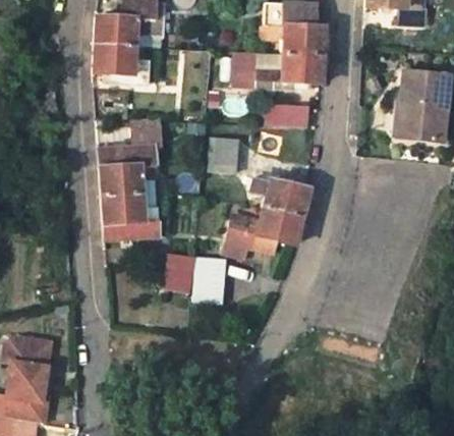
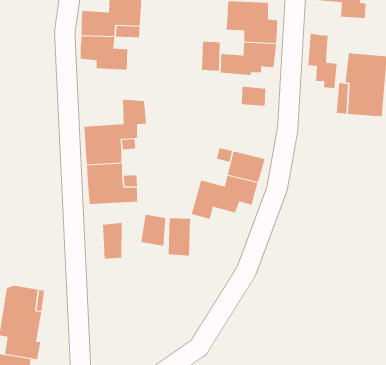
building: none -> [308,33,337,89]
building: [207,139,236,174] -> none
building: none -> [102,222,122,260]

